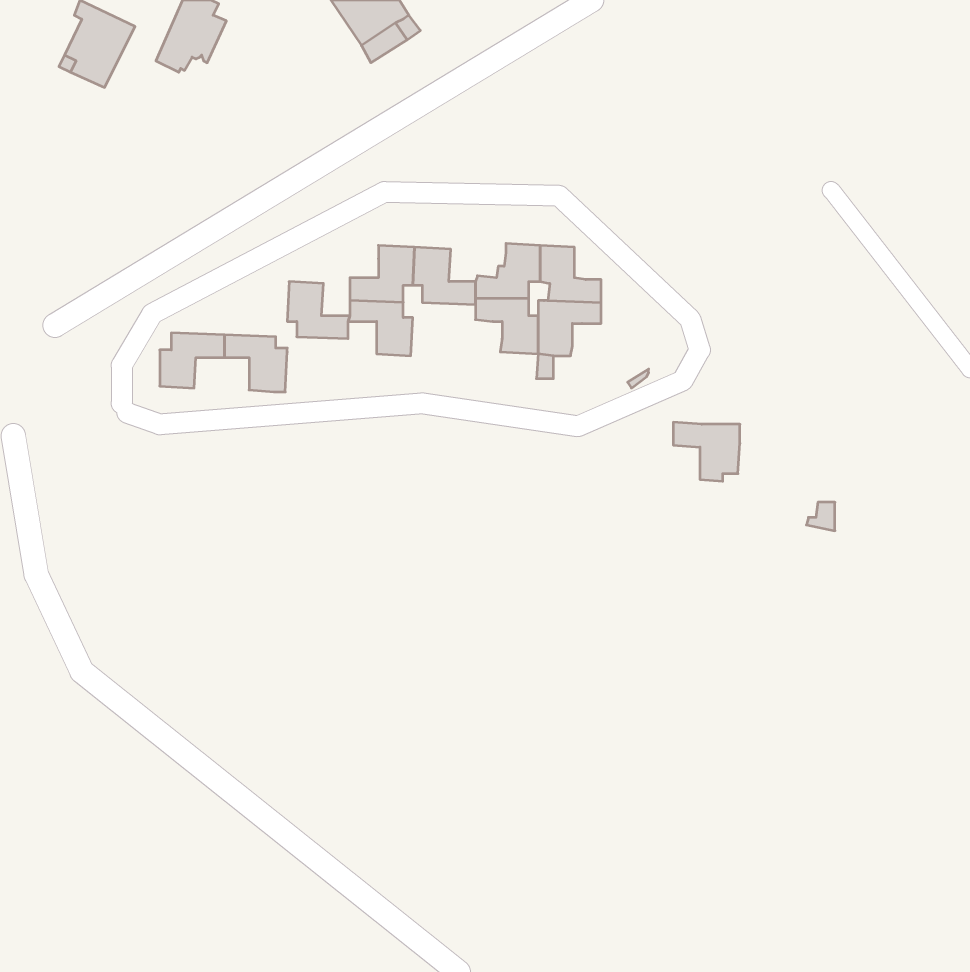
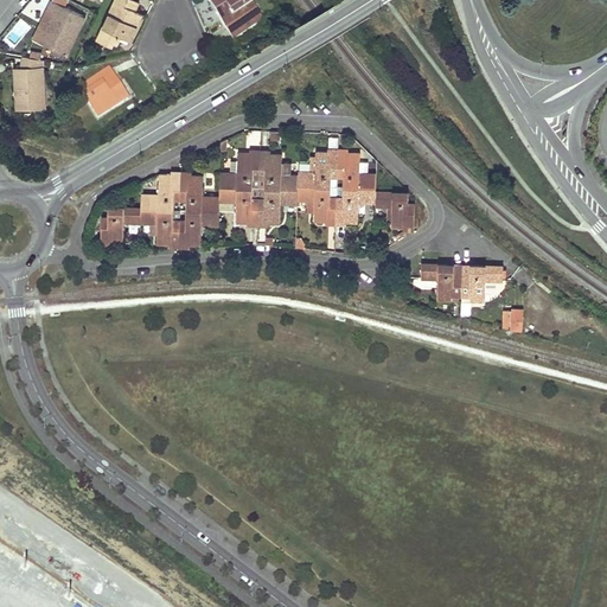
building: none -> [13,56,40,109]
building: none -> [77,69,126,117]
building: none -> [140,175,180,210]
building: none -> [256,189,296,223]
building: none -> [375,191,414,228]
building: none -> [178,210,217,244]
building: none -> [460,266,501,301]

